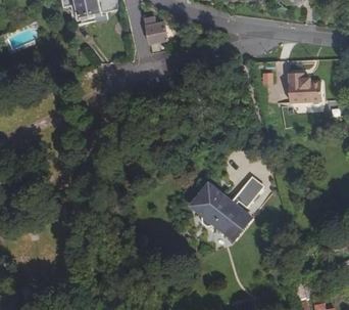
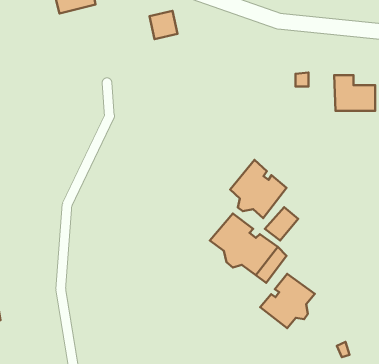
building: none -> [230,160,286,218]
building: none -> [260,274,315,328]

